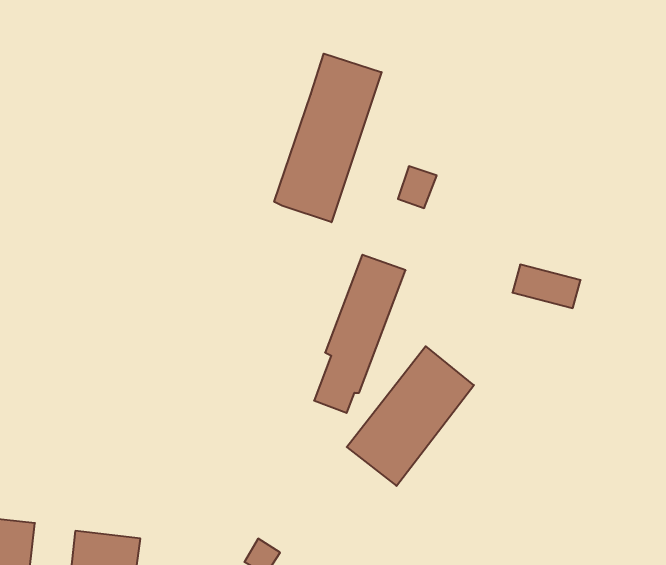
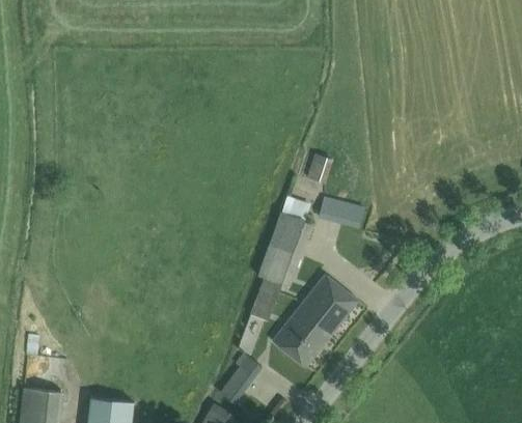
building: [274,54,382,222] -> none
building: [512,265,581,308] -> [318,198,363,227]
building: none -> [220,355,260,404]

